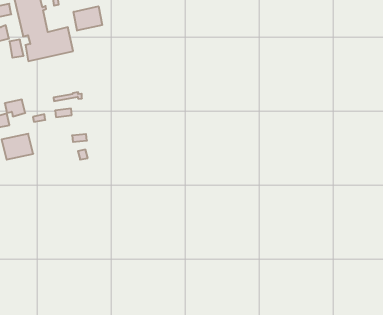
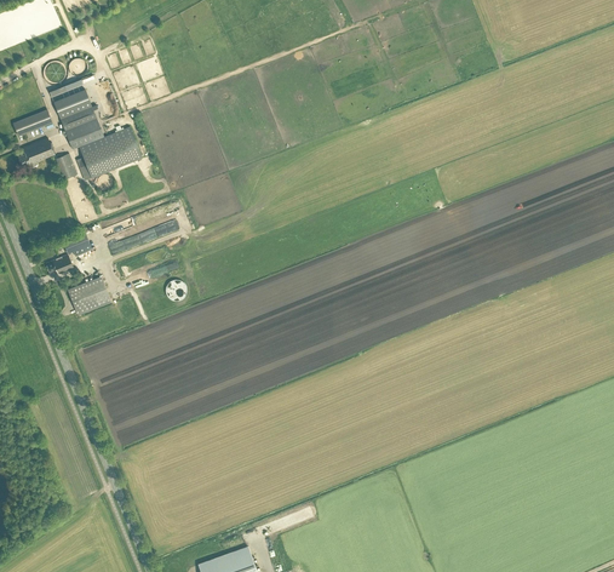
building: [74,6,102,31] -> none

